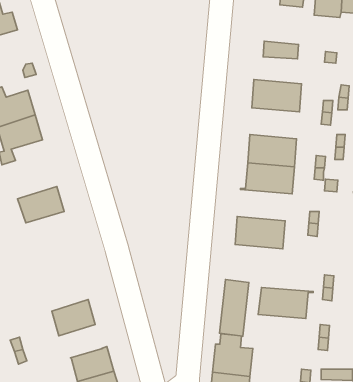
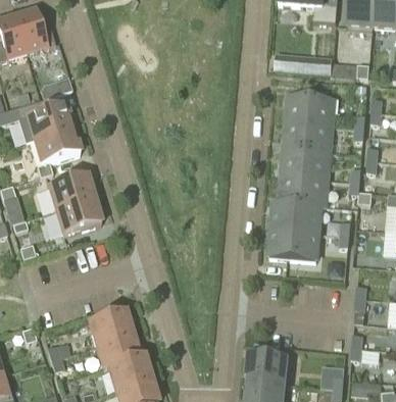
building: none -> [283,120,332,151]
building: none -> [47,173,93,210]
building: [219,279,249,336] -> none
building: [258,287,313,319] -> [270,201,325,232]
building: none -> [95,334,138,369]

